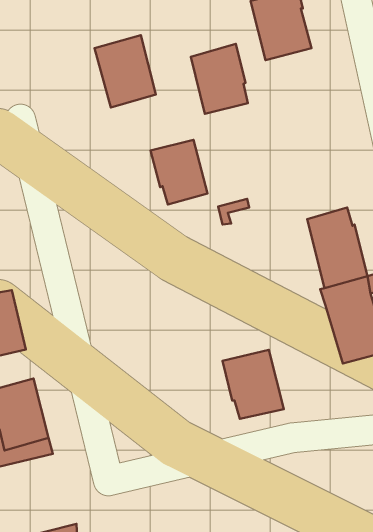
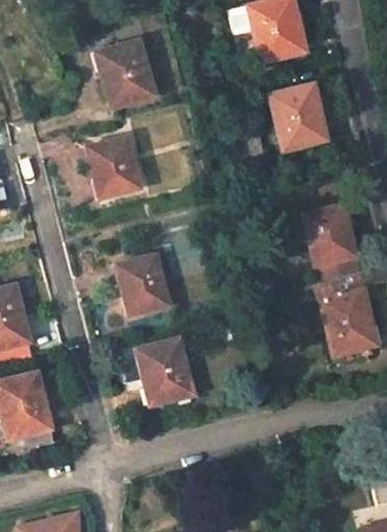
building: [191,44,248,114] -> [269,83,325,151]
building: [151,140,208,204] -> [85,136,140,198]
building: none -> [118,254,170,316]
building: [223,350,284,419] -> [135,338,195,404]

